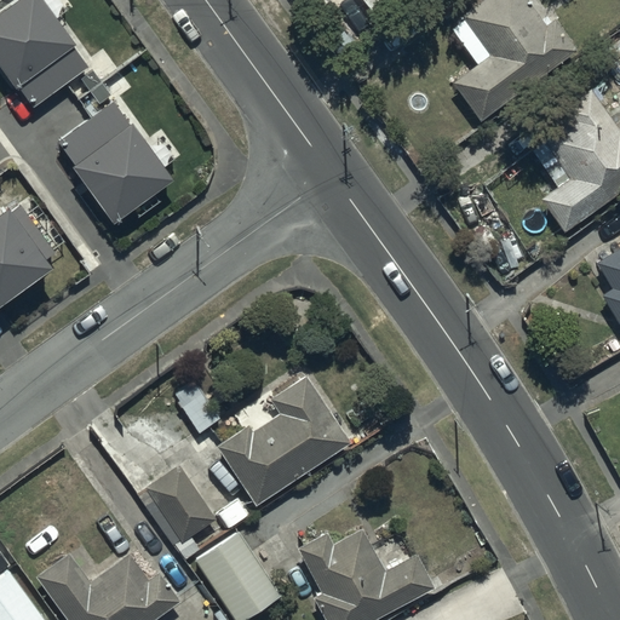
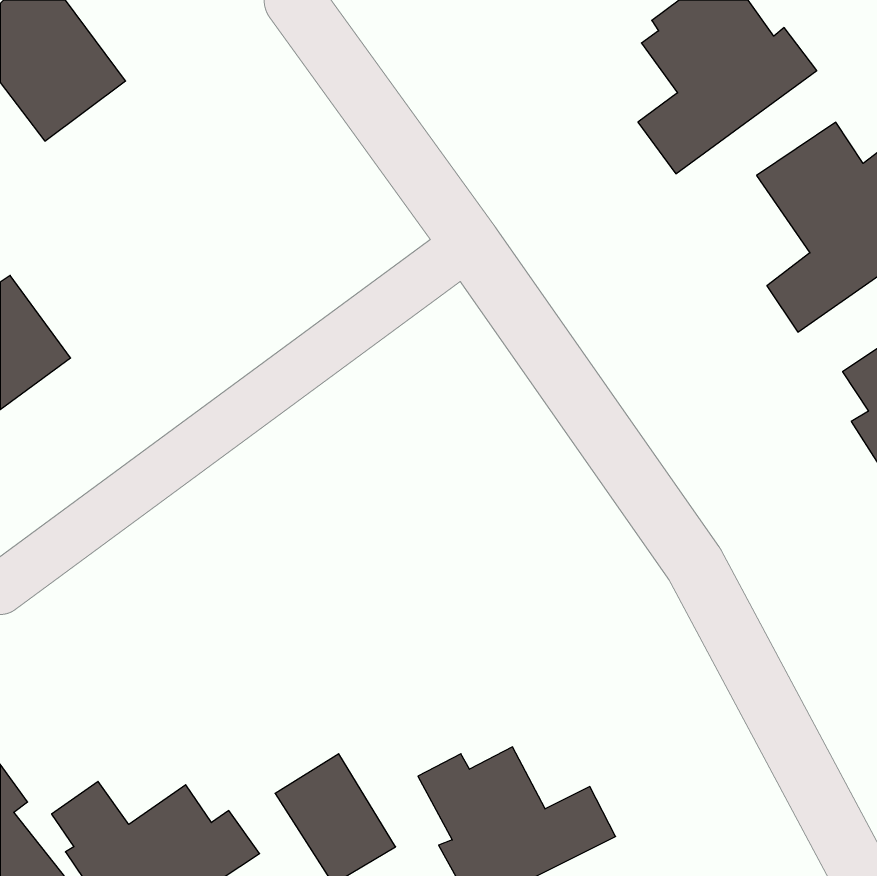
building: [56,97,171,216] -> none
building: [216,378,351,507] -> none
building: [147,466,216,544] -> none

